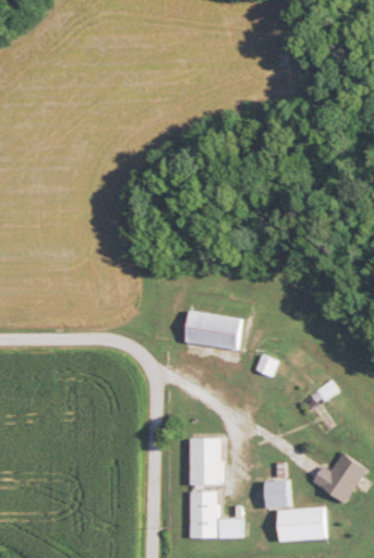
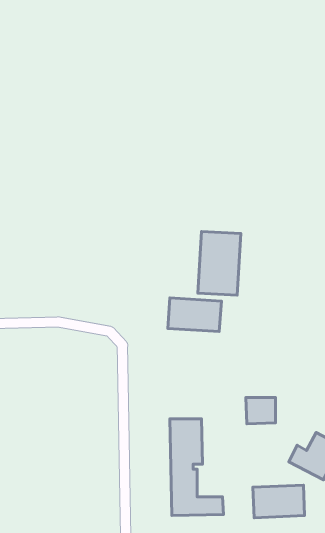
building: none -> [198,231,241,295]
building: [261,481,291,508] -> [246,397,275,424]

